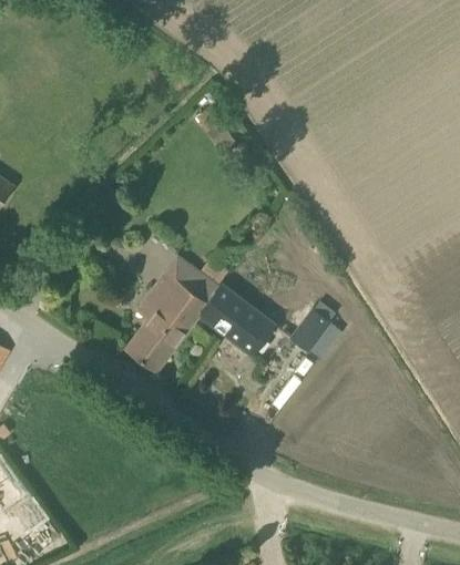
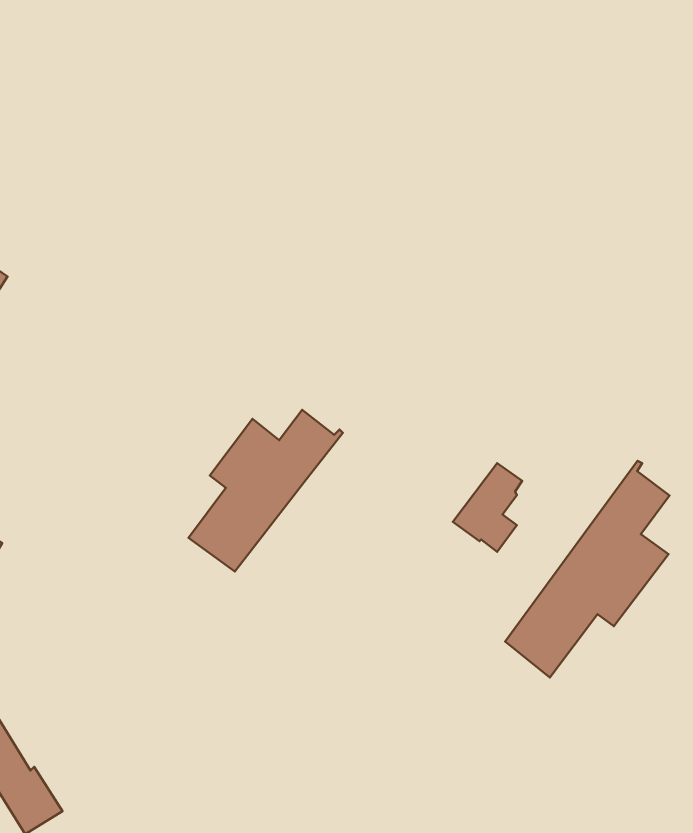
building: [197,284,275,355] -> none
building: none -> [505,461,670,677]

